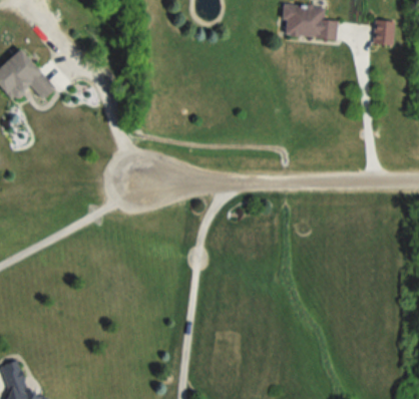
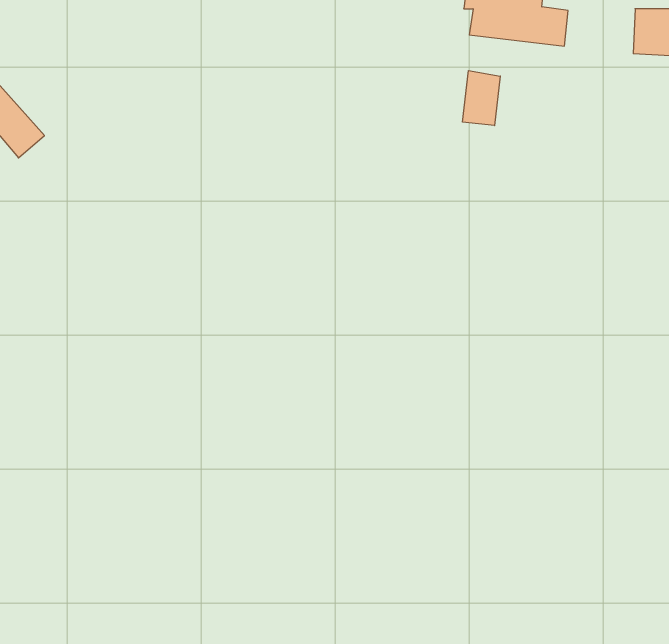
building: none -> [463,71,500,126]

